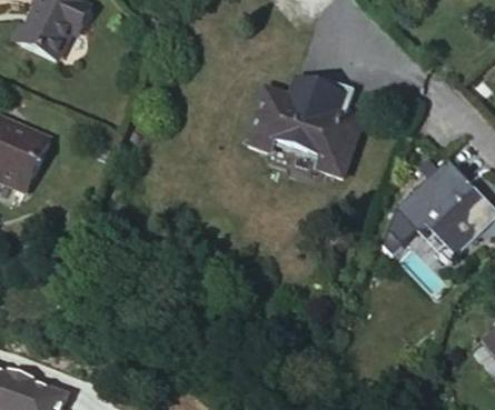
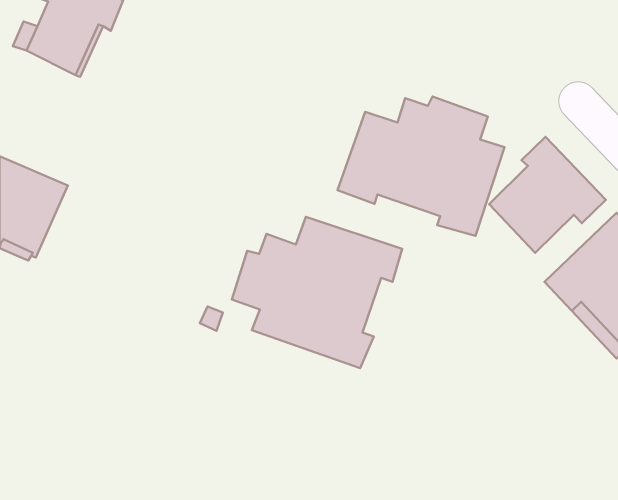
building: none -> [489,137,606,253]
building: none -> [232,217,402,368]

